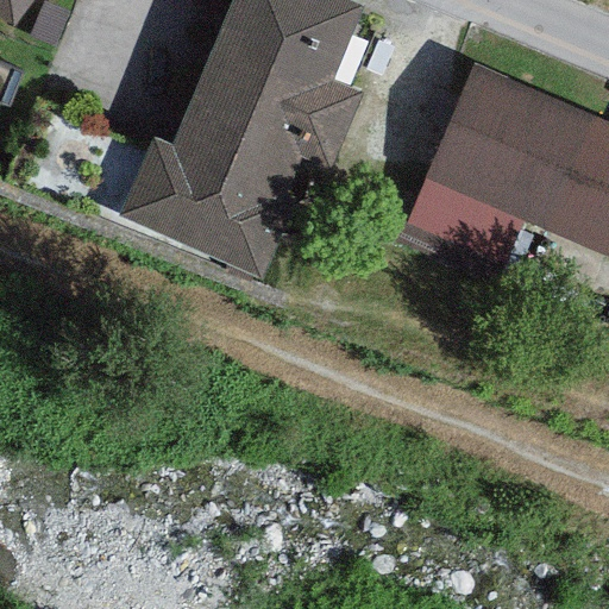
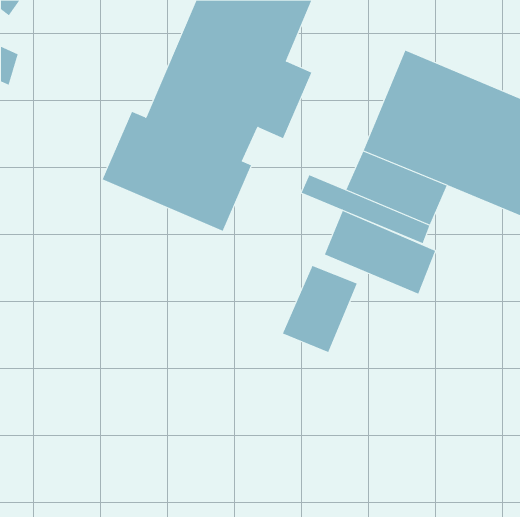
building: none -> [324,210,436,295]
building: none -> [282,265,357,353]

